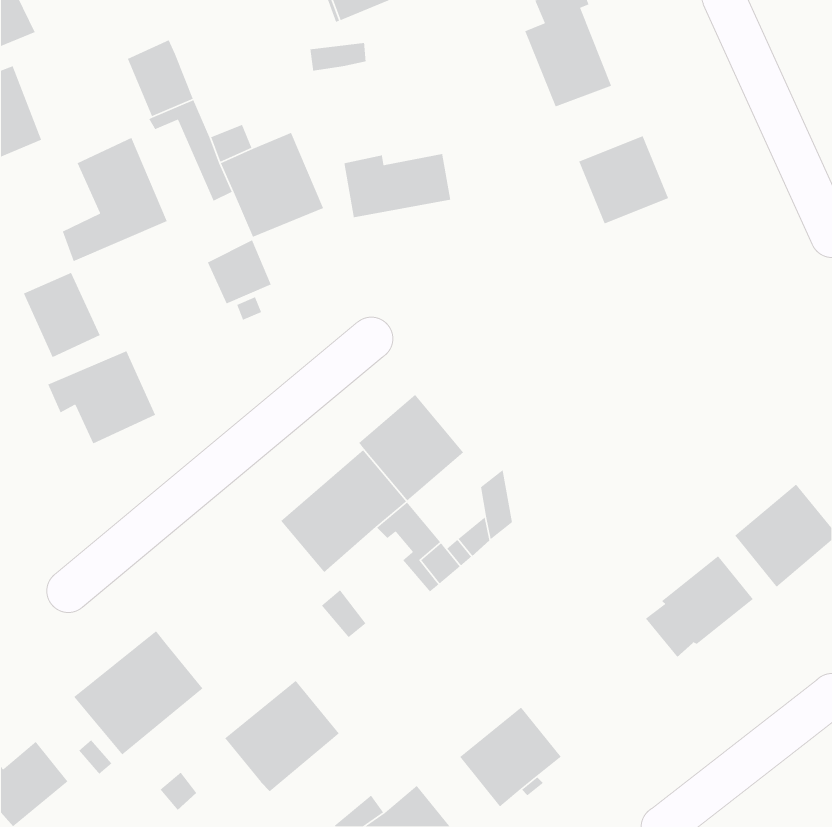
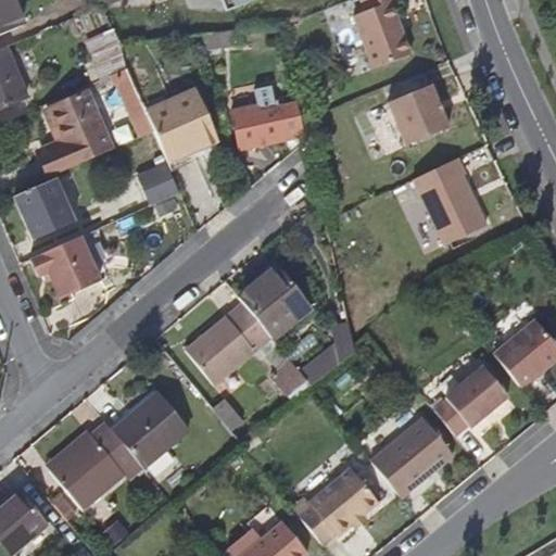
building: none -> [408,161,484,249]
building: none -> [364,418,451,502]
building: [224,680,340,792] -> [112,391,189,466]

